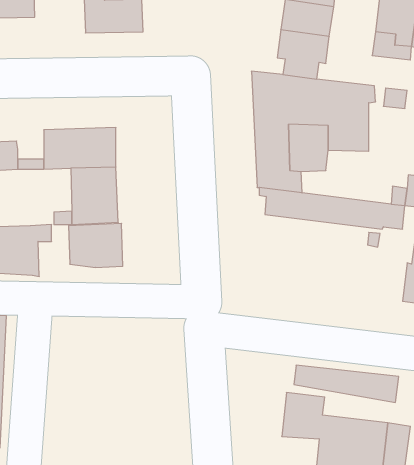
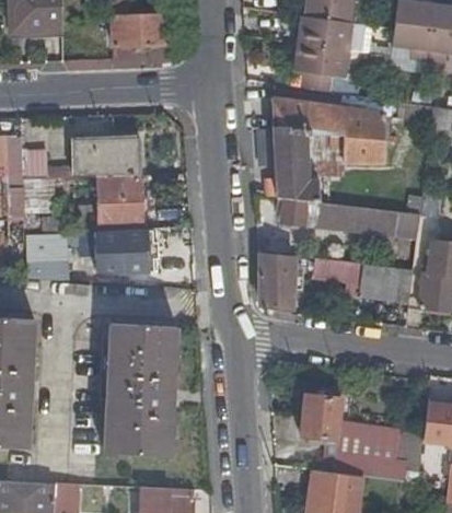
building: none -> [260,253,295,308]
building: none -> [104,325,176,457]
building: [294,365,399,402] -> [312,255,414,291]

